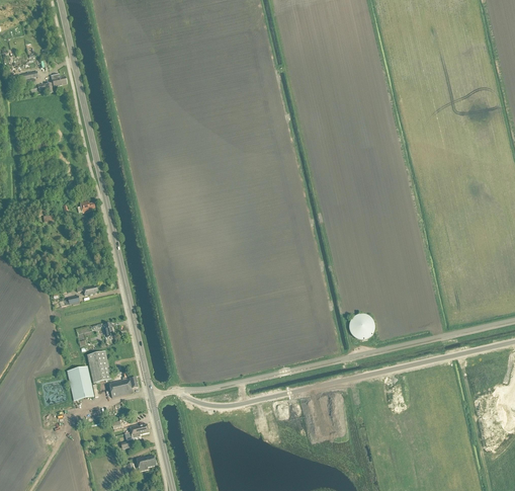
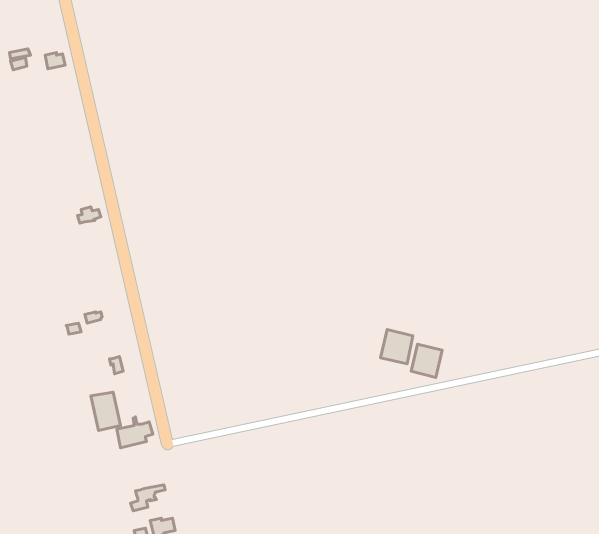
building: none -> [381,330,413,364]
building: [66,366,93,400] -> none

